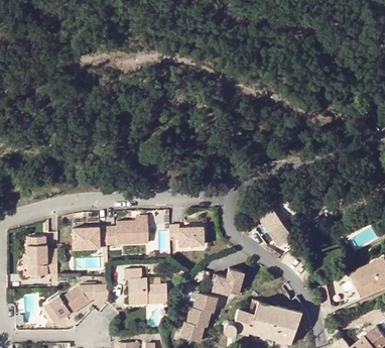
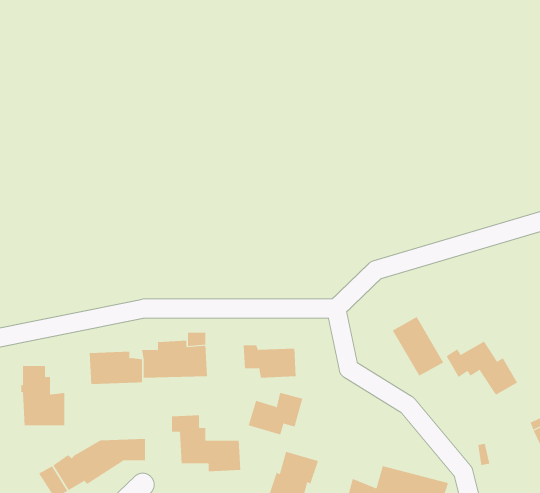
building: none -> [446,341,518,396]
building: [209,268,244,296] -> [248,392,303,435]

